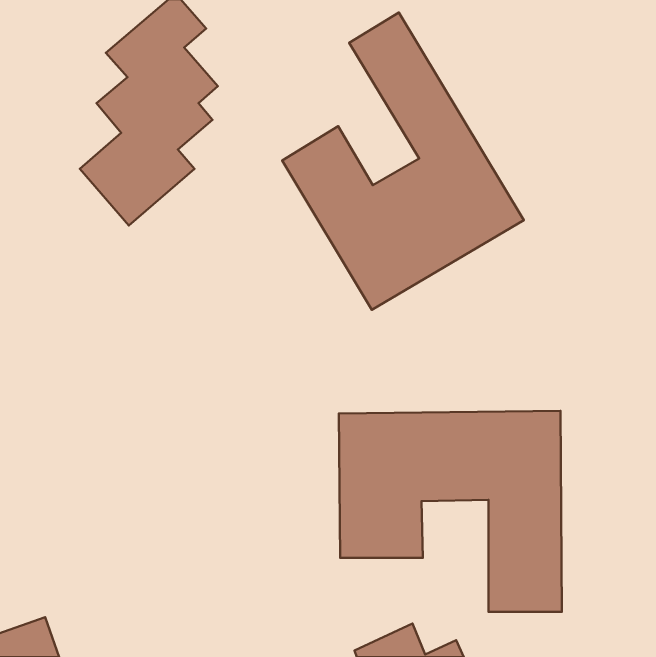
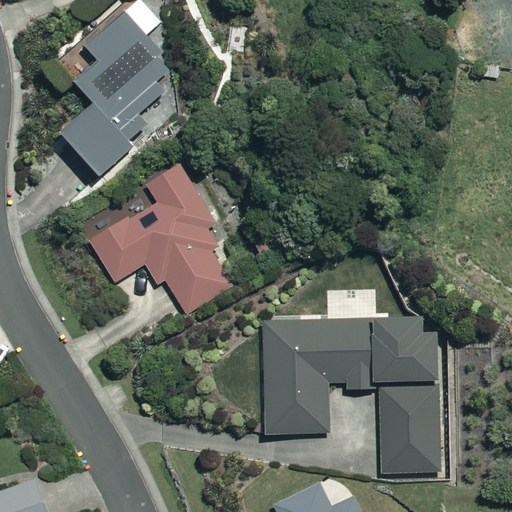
building: [282,12,524,310] -> none
building: none -> [83,160,233,316]

